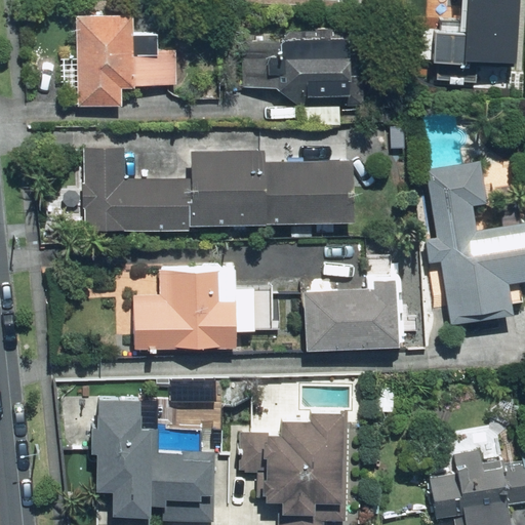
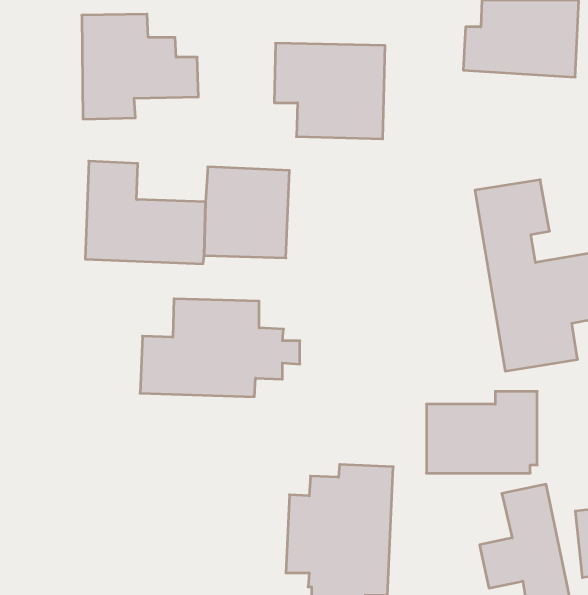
building: [268,159,356,226] -> none
building: [304,278,401,350] -> [426,391,537,473]
building: [89,398,213,517] -> none

